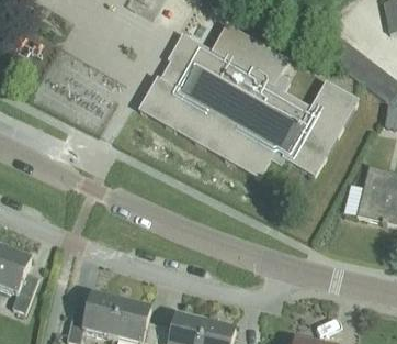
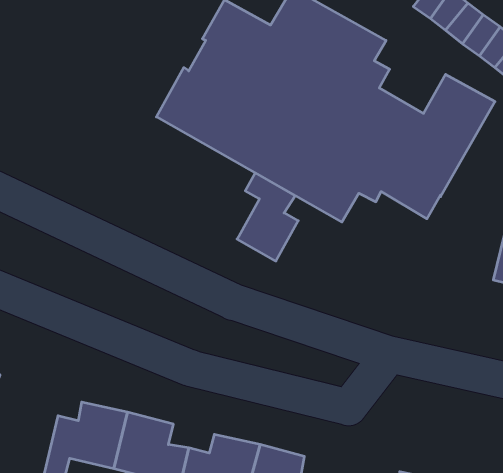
building: none -> [237,173,298,261]

